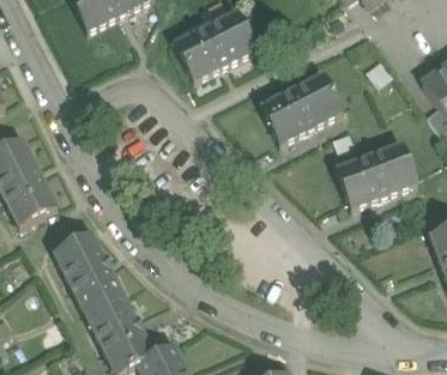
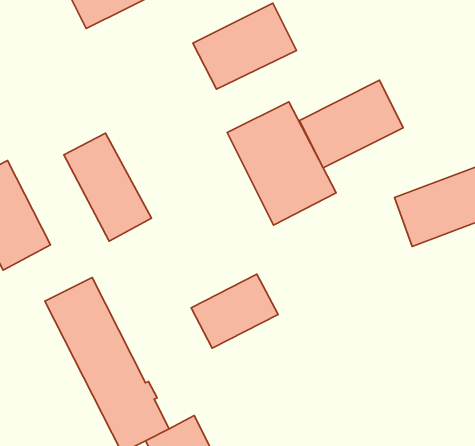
building: none -> [227,102,336,225]
building: none -> [64,133,151,241]
building: none -> [191,274,278,348]

